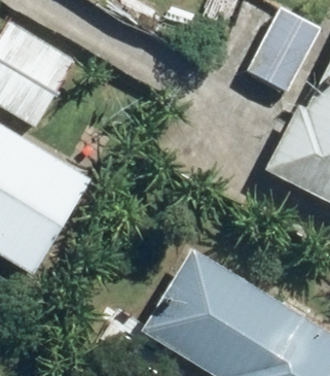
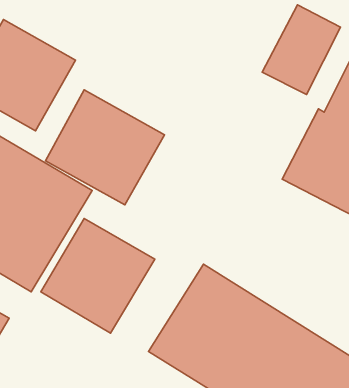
building: none -> [45,90,164,205]
building: none -> [41,218,155,333]

